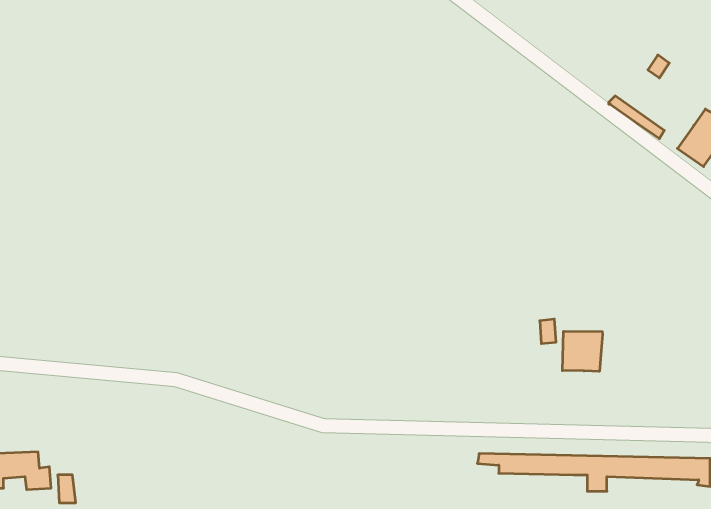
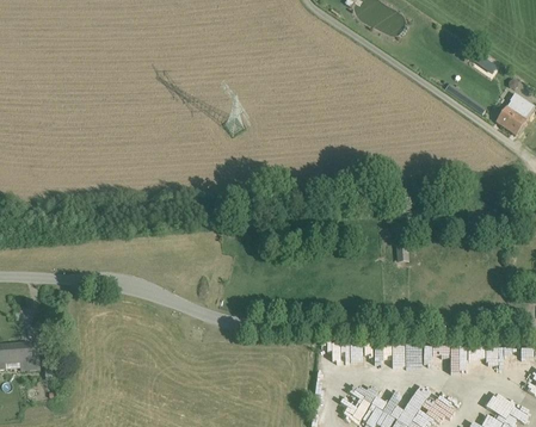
building: [562,331,603,371] -> none

